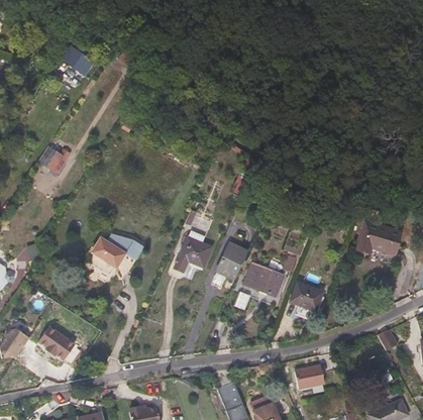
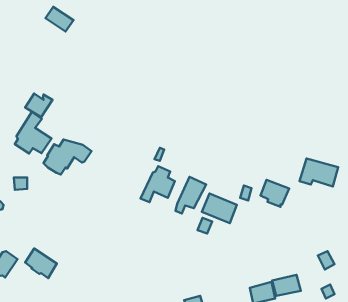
building: none -> [15,112,52,154]
building: [87,233,142,274] -> [44,140,92,175]
building: [288,282,321,313] -> [260,180,289,207]
building: none -> [272,275,301,296]

